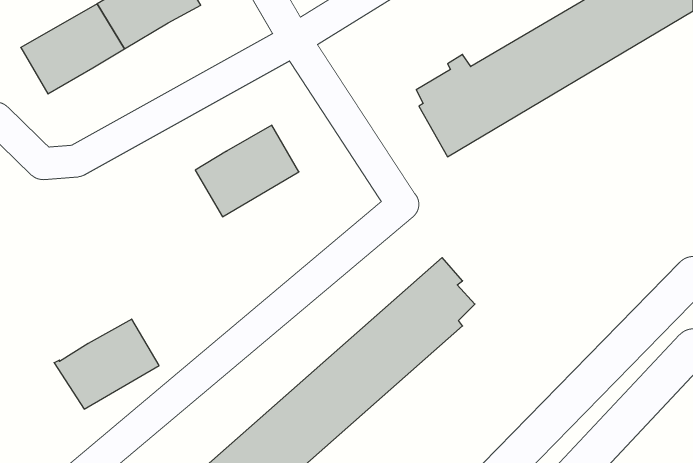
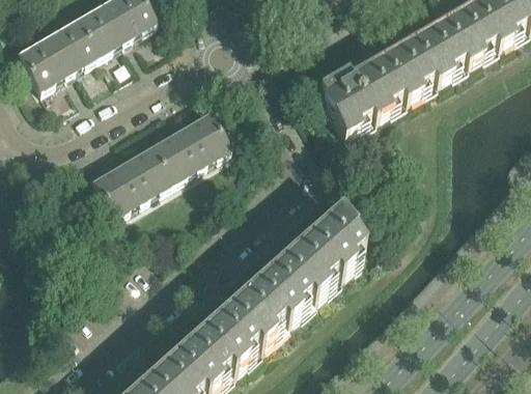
building: [54,319,159,409] -> [91,145,171,214]

